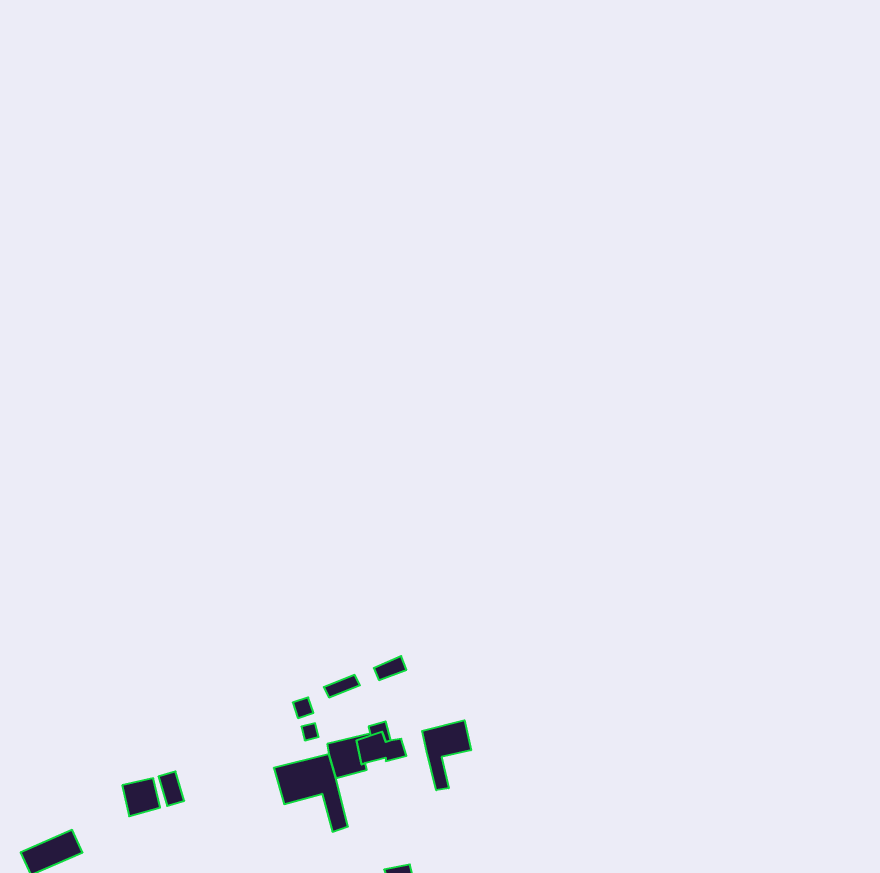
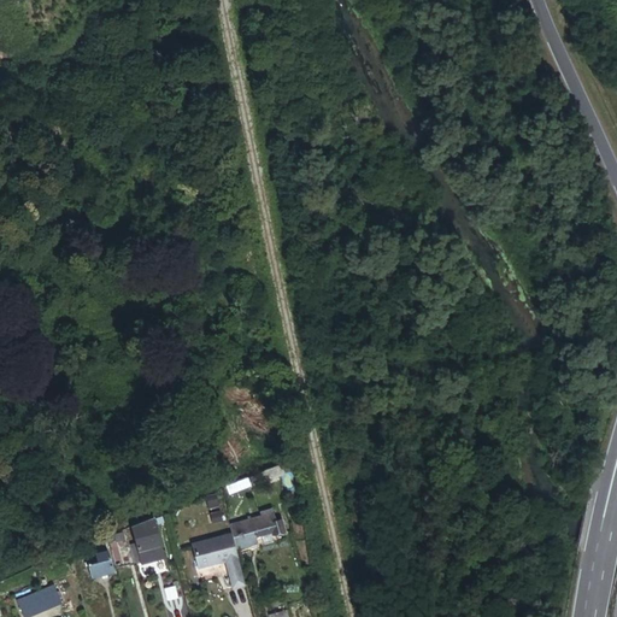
building: [422,720,471,790] -> none
building: none -> [130,515,168,563]

